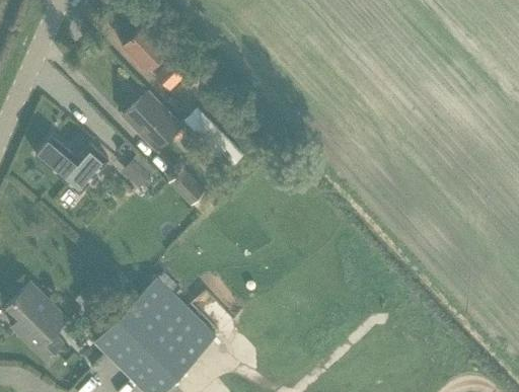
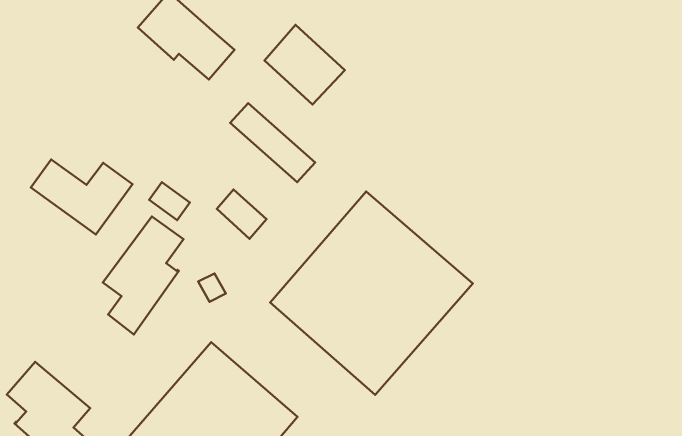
building: [123,92,180,151] -> [265,25,345,105]
building: none -> [270,191,473,395]
building: none -> [103,216,183,335]

